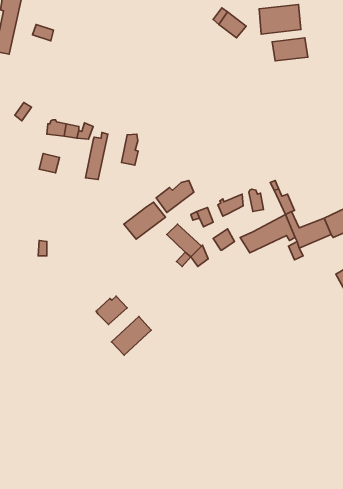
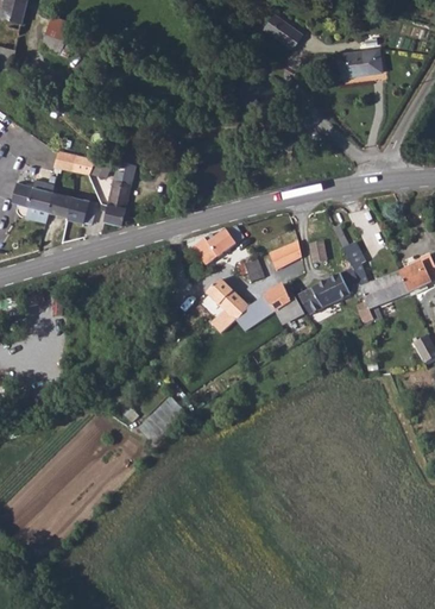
building: [259,4,301,34] -> none
building: [121,134,138,165] -> none
building: none -> [12,180,56,211]
building: none -> [69,196,96,221]
building: [124,202,166,239] -> none
building: [96,296,127,325] -> none

